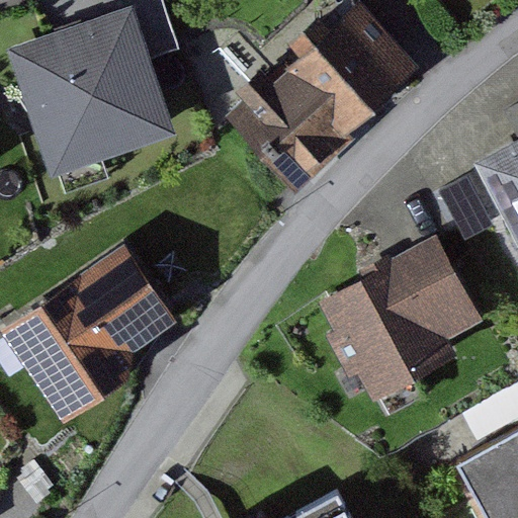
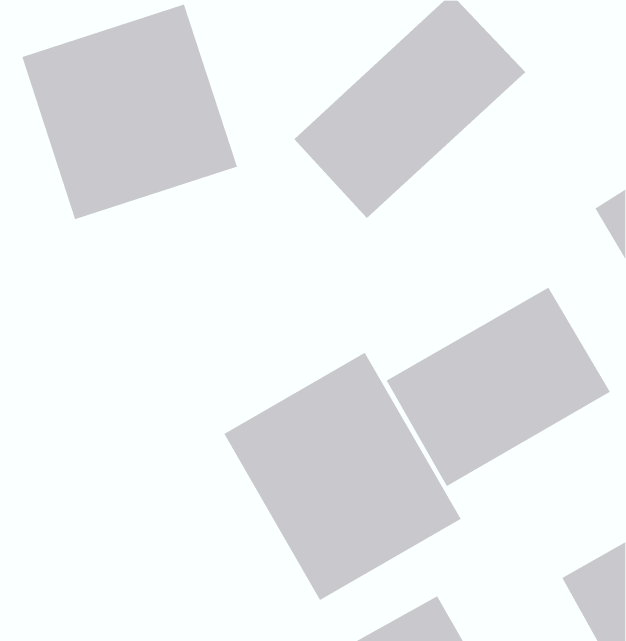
building: [7,243,180,403] -> none
building: none -> [223,352,461,601]

